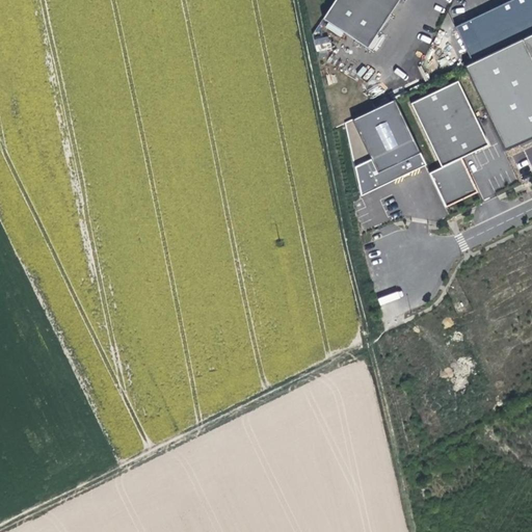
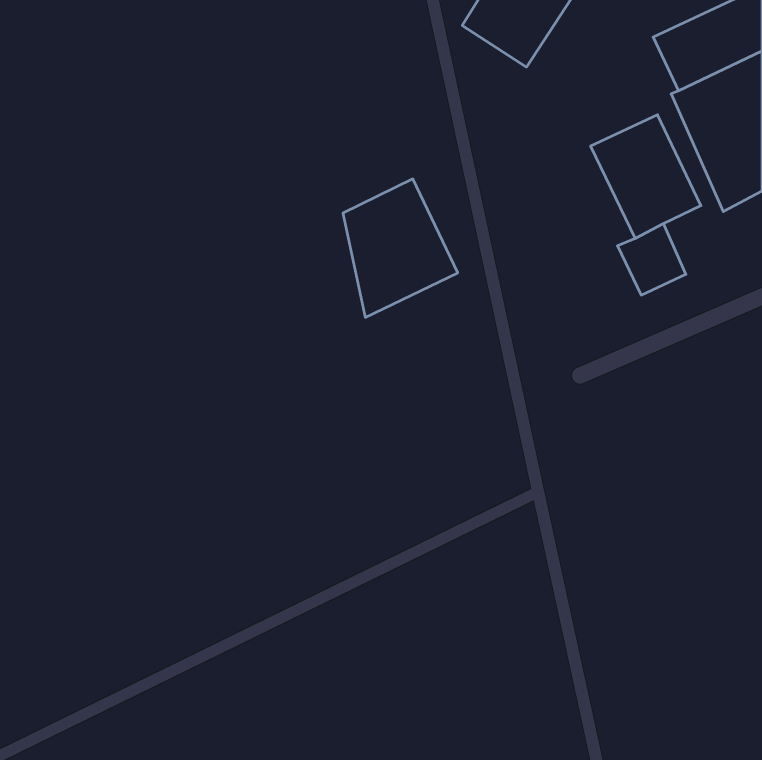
building: [346,99,426,195] -> [343,179,458,317]

